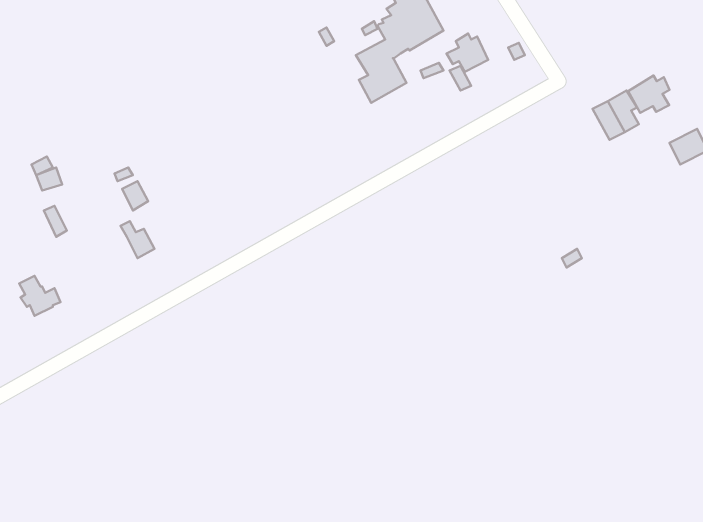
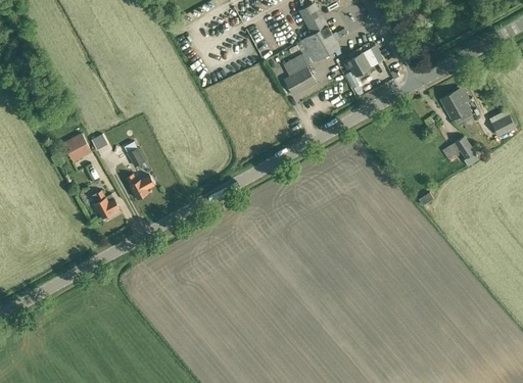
building: [628,76,669,113] -> none
building: none -> [444,137,476,159]
building: [19,276,61,316] -> [93,191,121,218]

